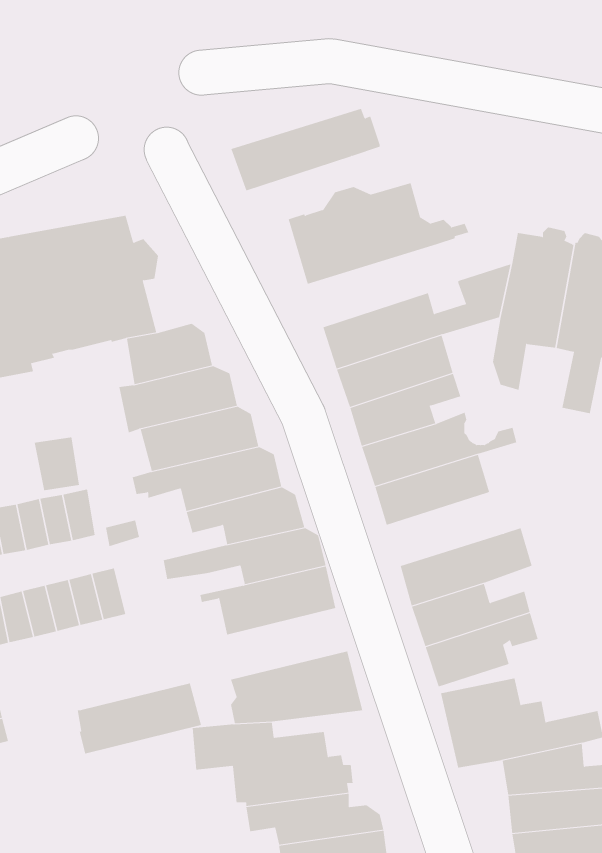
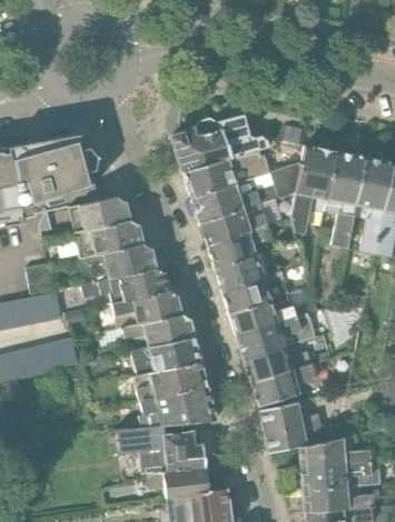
building: [230,108,381,191] -> [184,151,270,199]
building: none -> [229,294,297,337]
building: [77,683,202,754] -> [135,361,207,402]

